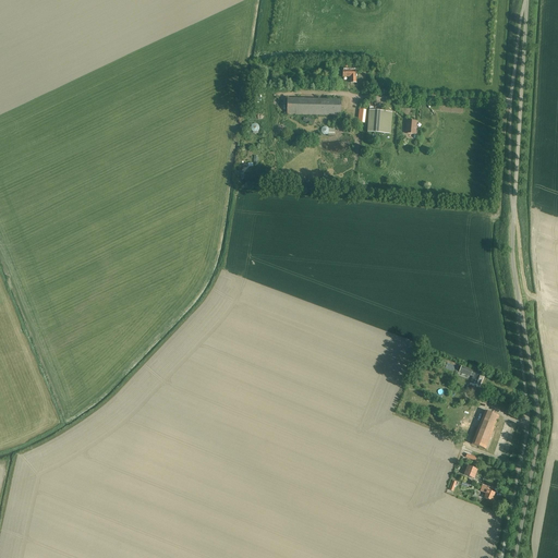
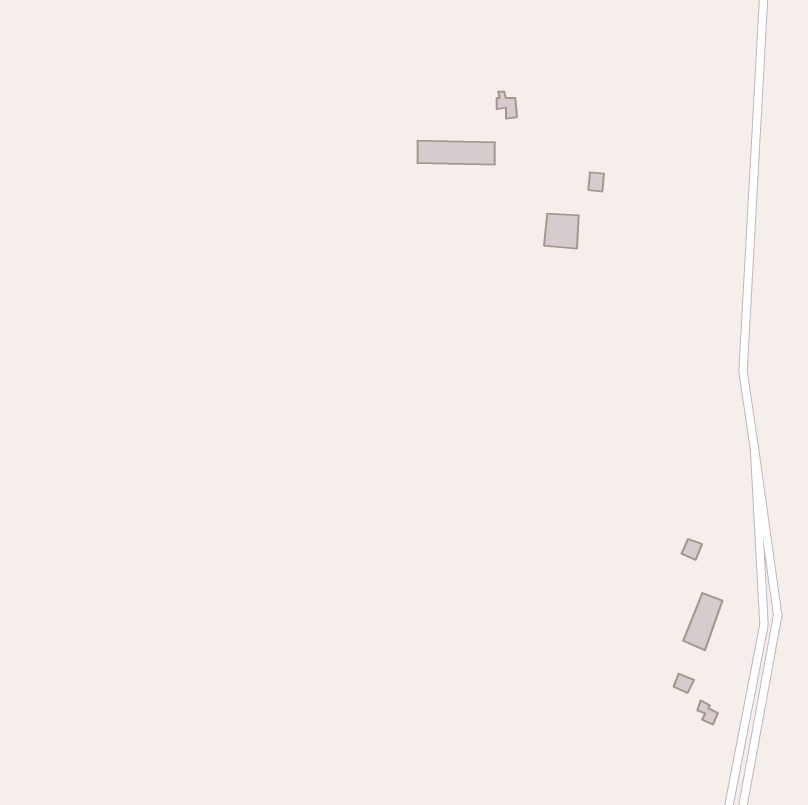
building: [367,109,391,133] -> [544,214,579,249]

